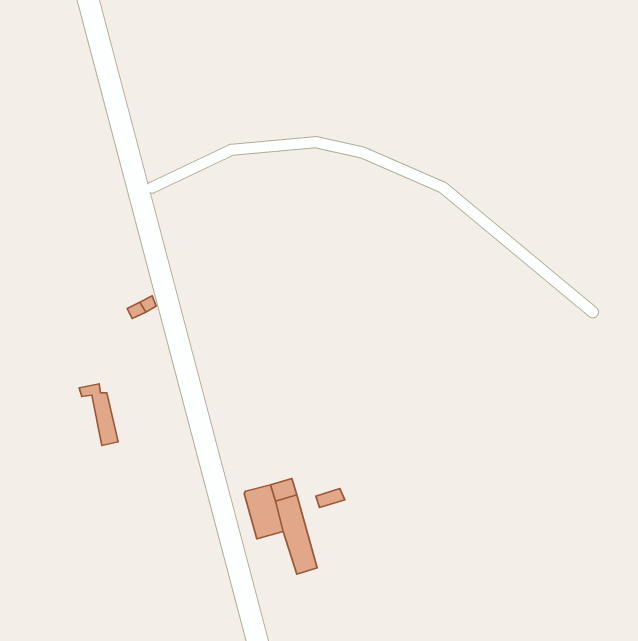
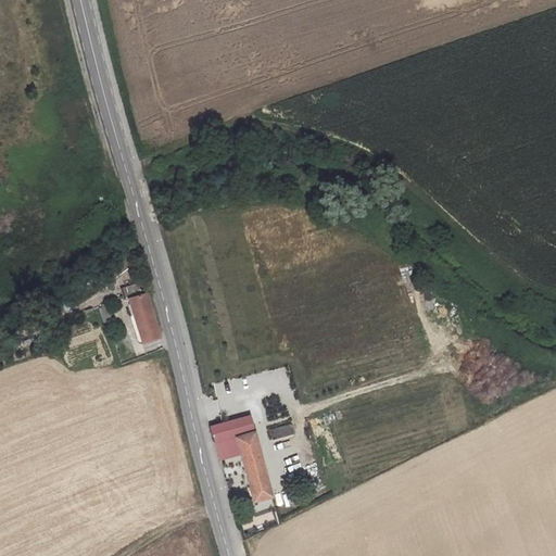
building: [79,384,118,446] -> [118,290,152,343]

